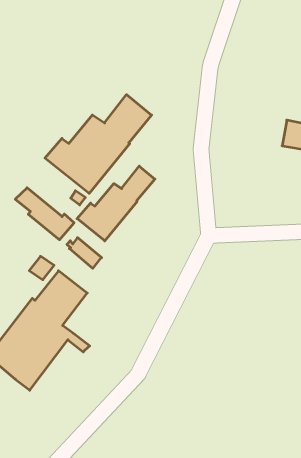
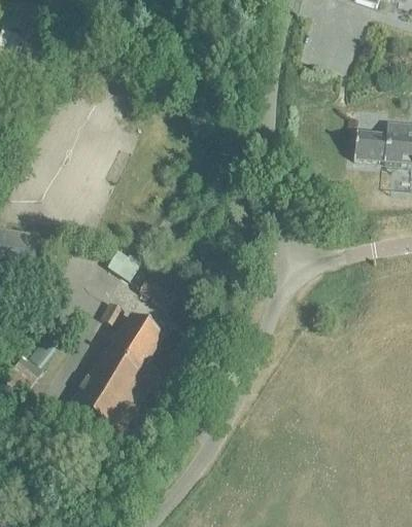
building: [45,95,152,193] -> none
building: [77,166,155,241] -> none

